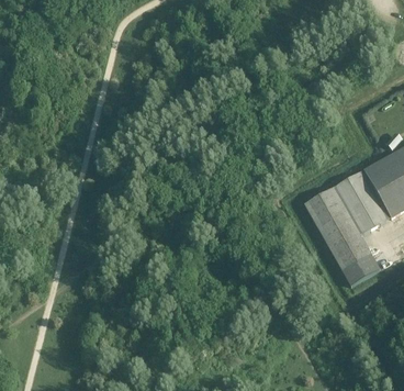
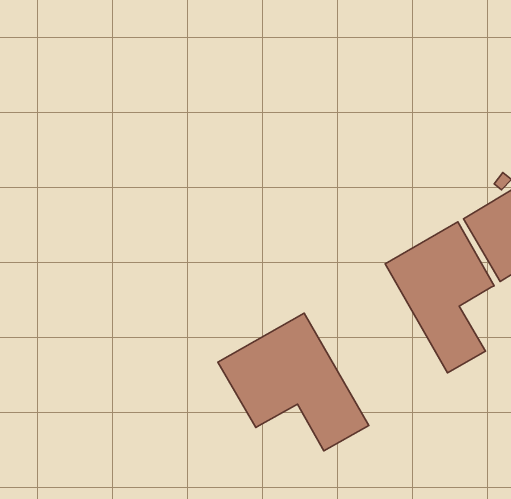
building: none -> [218,313,369,451]

